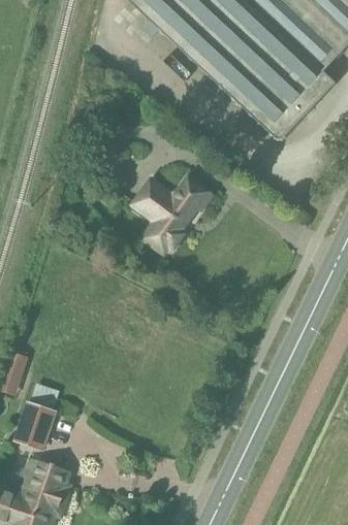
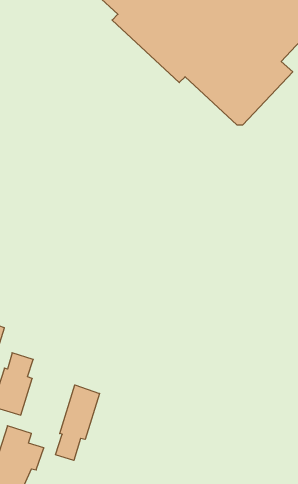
building: [136,174,213,250] -> none
building: none -> [56,385,100,460]

